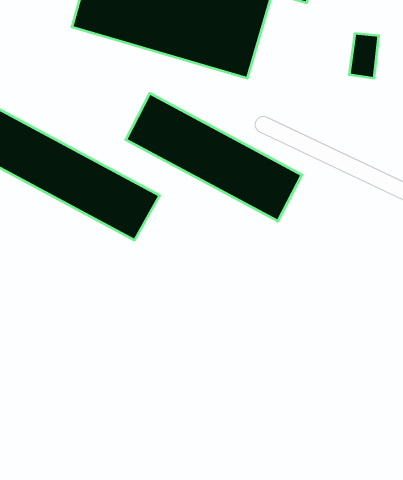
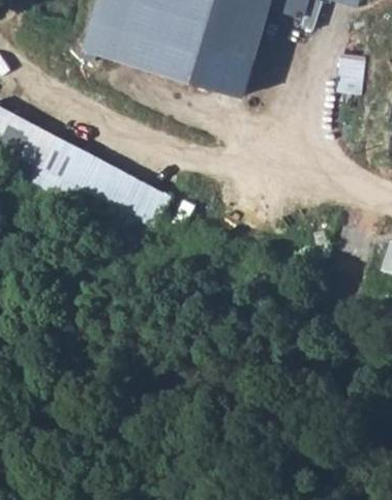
building: [126,93,302,221] -> none

